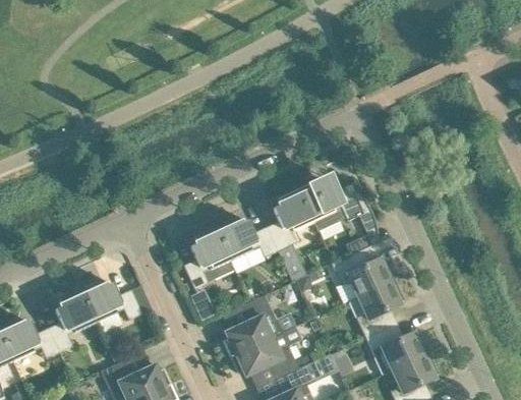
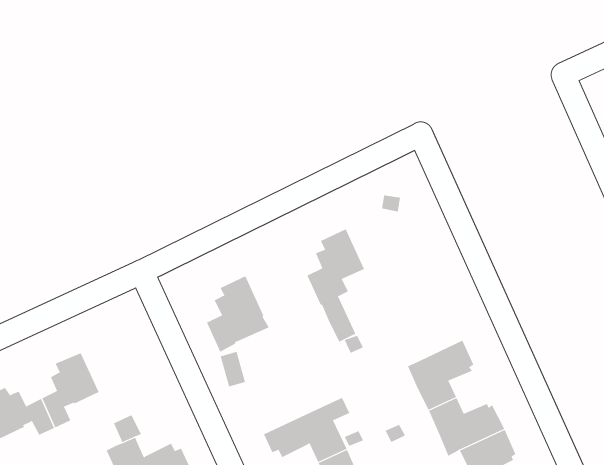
building: [298,179,378,245] -> none
building: [216,217,277,261] -> none
building: [331,253,394,297] -> none
building: [80,280,142,323] -> none
building: [222,295,282,357] -> none

